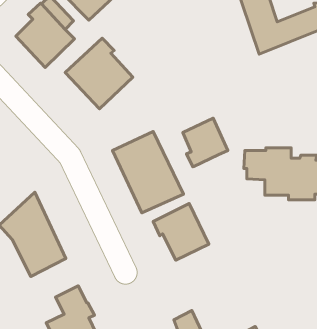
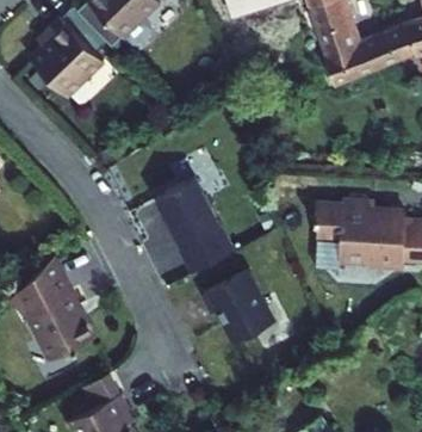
building: [65,38,133,109] -> none
building: [183,118,228,167] -> none

